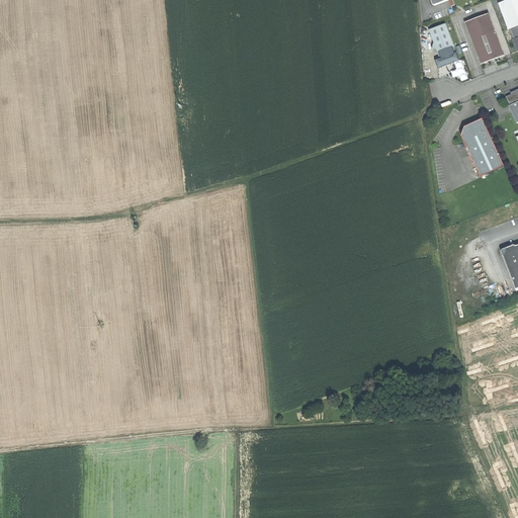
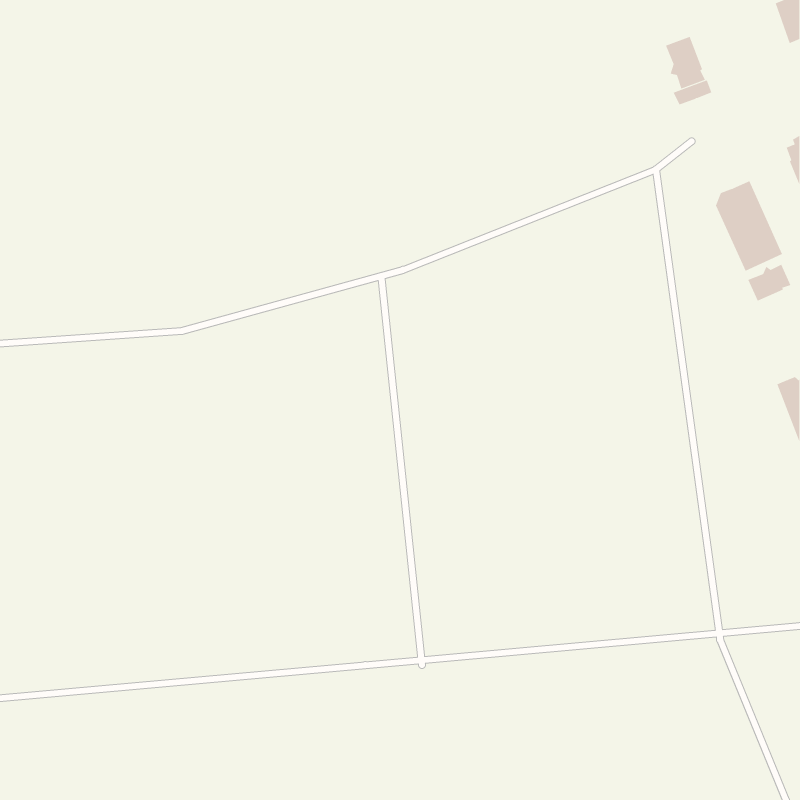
building: [465,13,504,63] -> none
building: none -> [748,264,791,301]

